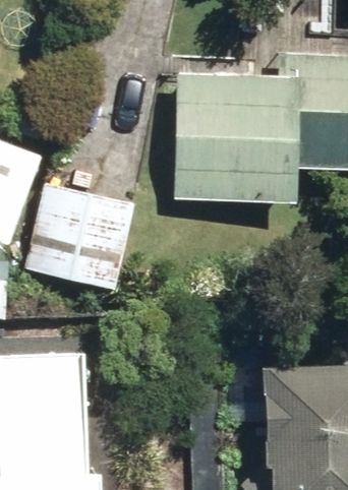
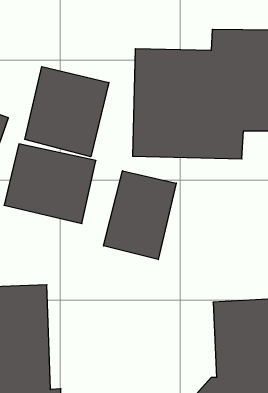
building: none -> [25,67,109,157]
building: none -> [104,171,176,260]

